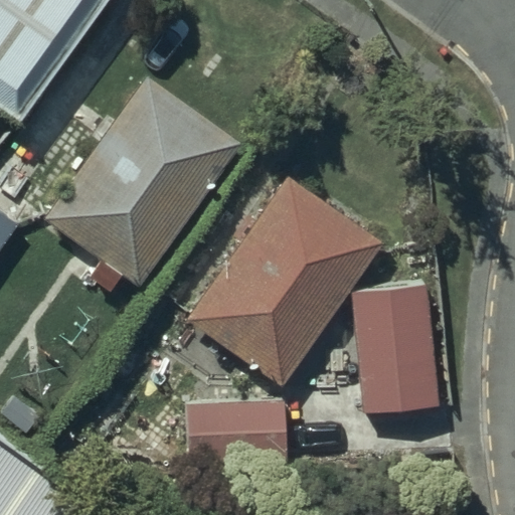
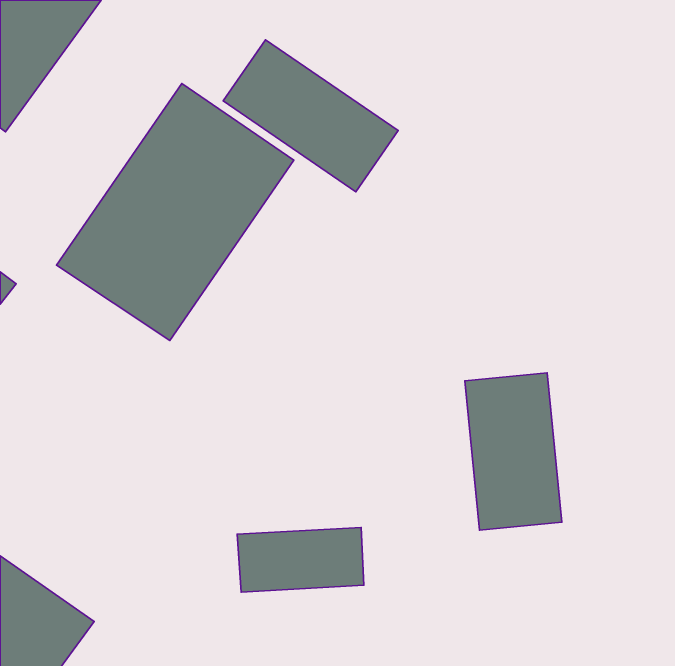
building: none -> [223,40,398,192]
building: [200,181,377,373] -> none

